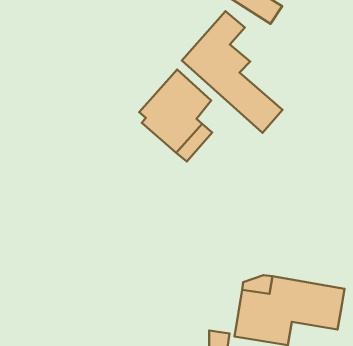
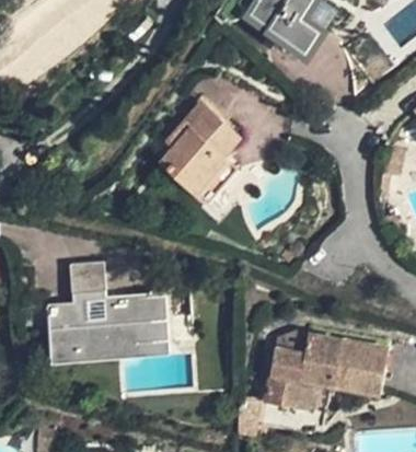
building: [182,11,283,133] -> none
building: none -> [51,264,161,351]

